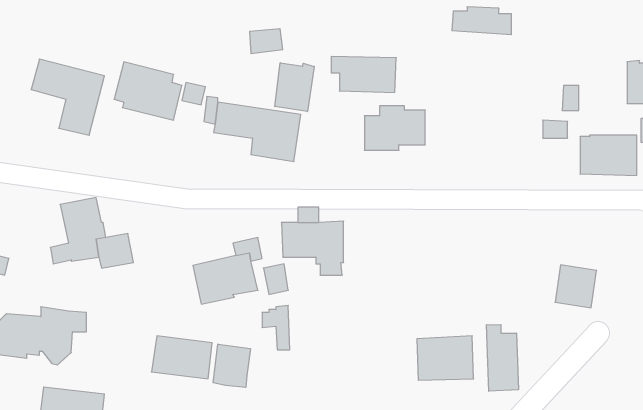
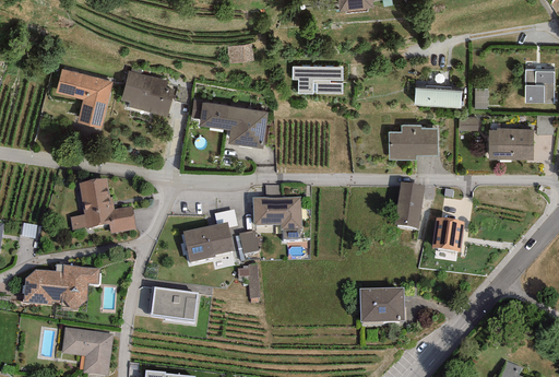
building: [452,7,511,35] -> [414,85,461,107]
building: [275,63,314,112] -> none
building: [364,106,425,150] -> [389,125,437,160]
building: none -> [395,181,425,227]
building: [555,265,597,308] -> [431,216,464,250]
building: [487,325,518,391] -> none
building: [213,344,250,387] -> none

